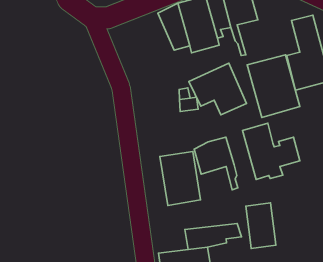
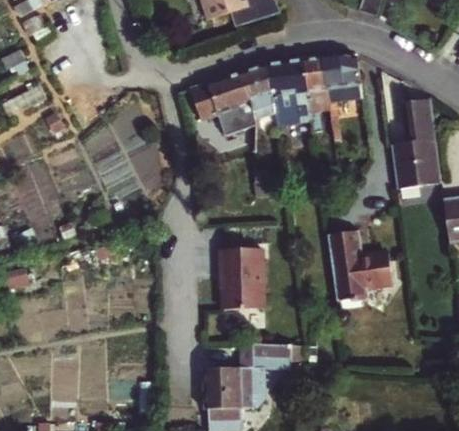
building: [247,55,300,117] -> none
building: [189,63,246,115] -> [189,75,256,137]
building: [194,137,238,190] -> none
building: [246,203,276,248] -> none

